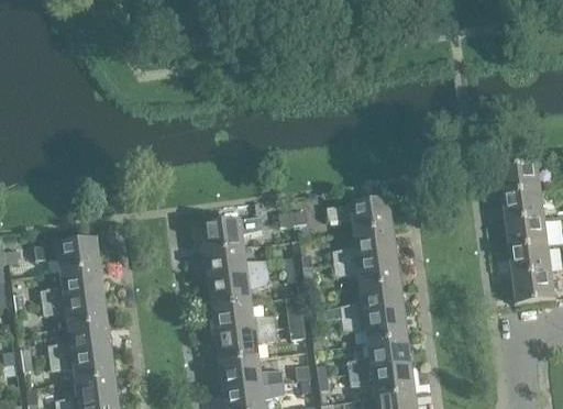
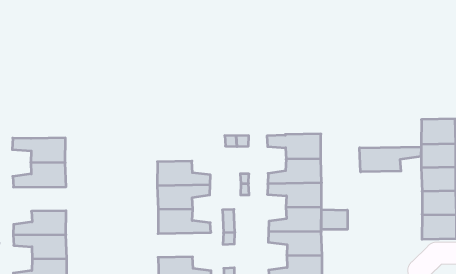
building: none -> [360,147,421,172]
building: [200,214,262,251] -> none
building: none -> [321,210,347,230]
building: [42,292,106,325] -> none
building: [214,324,277,361] -> none

